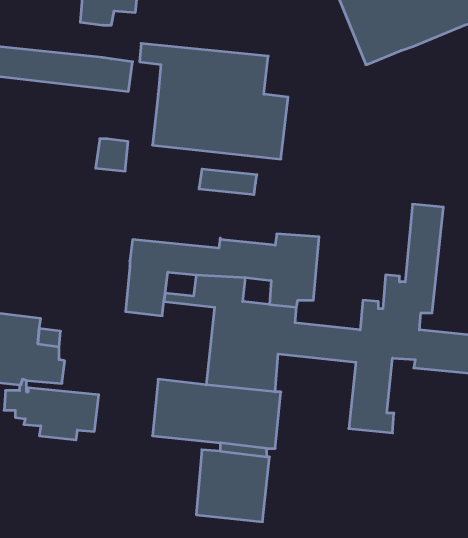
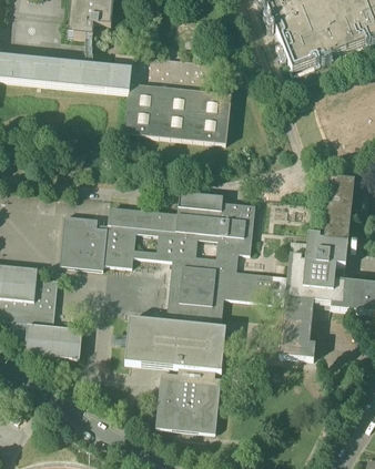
building: [96,139,128,171] -> [105,68,131,93]
building: [199,169,257,195] -> [178,192,223,212]
building: none -> [59,216,107,269]

